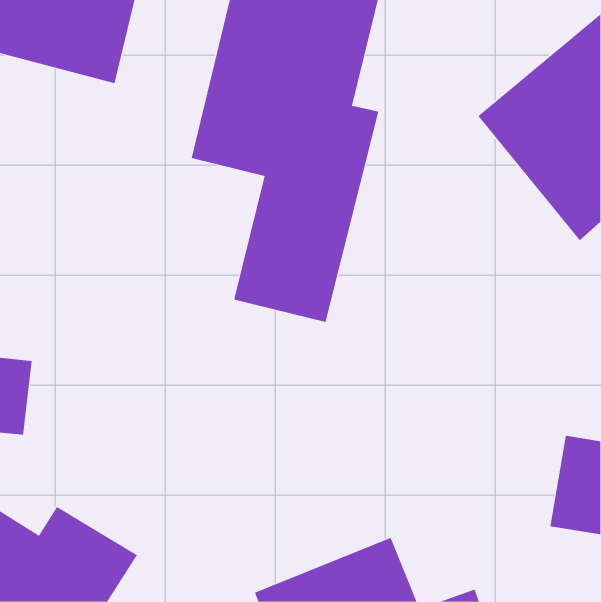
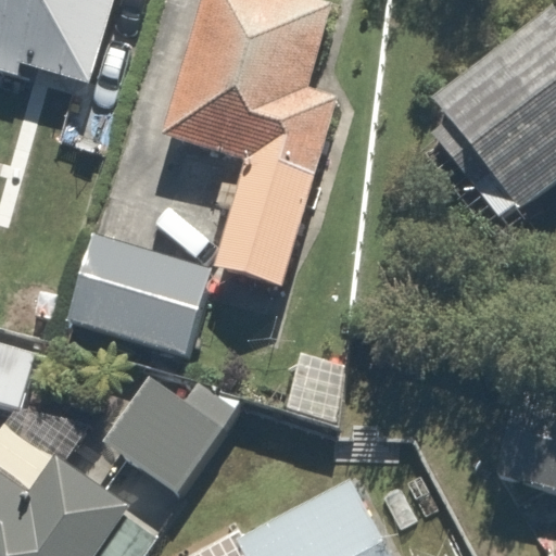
building: none -> [73,237,212,355]
building: none -> [103,377,216,488]

